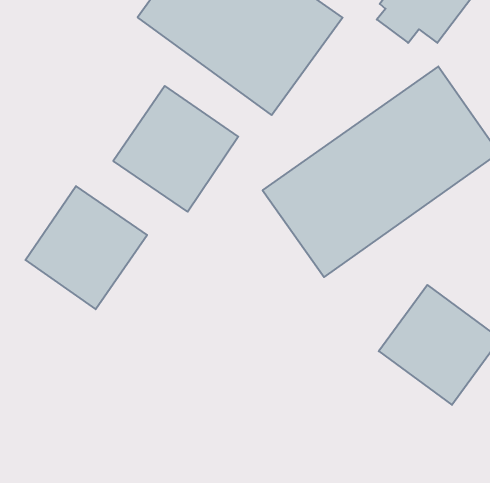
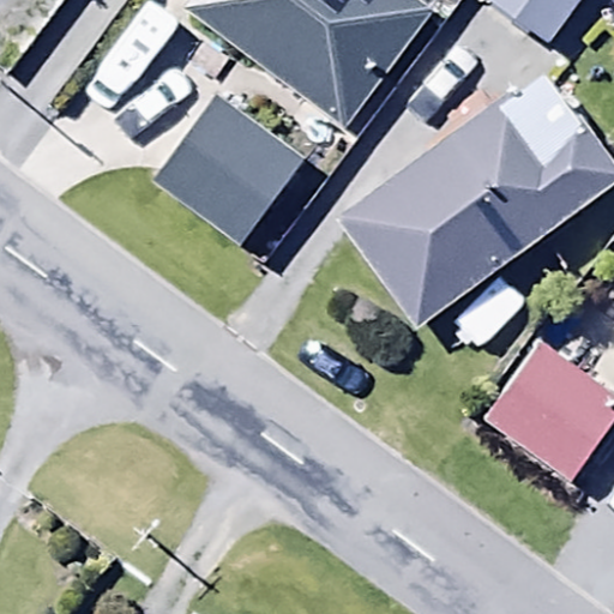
building: [25,186,147,309] -> none

